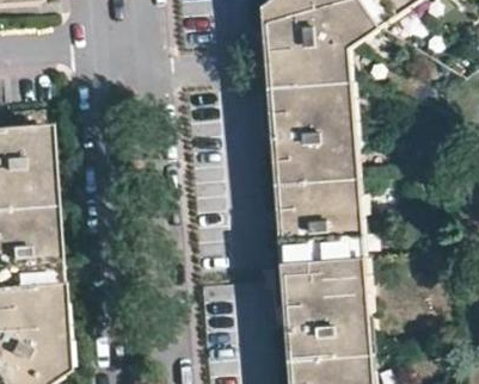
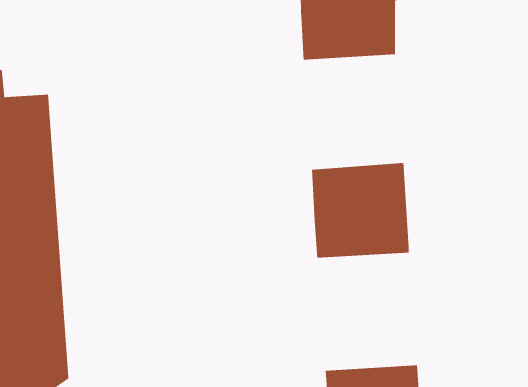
building: [270,88,358,188] -> none
building: [282,261,370,364] -> none

